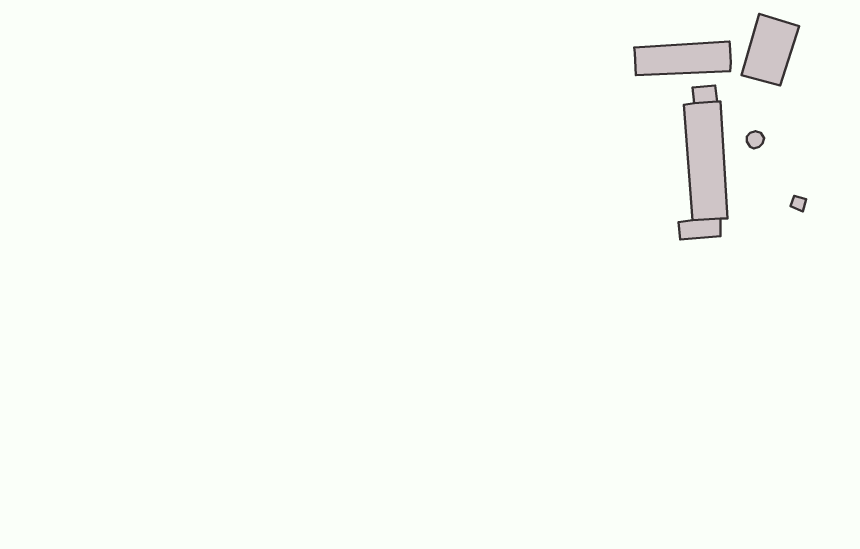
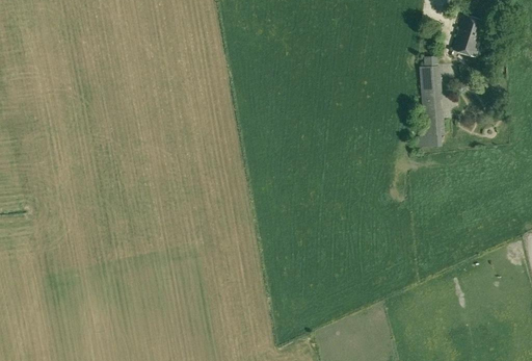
building: [634,42,731,75] -> none

